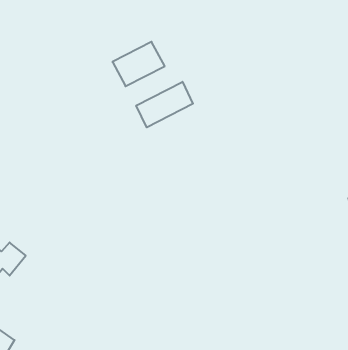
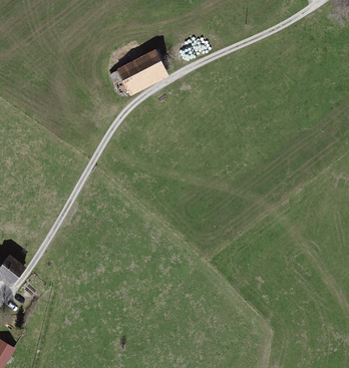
building: [136,82,193,127] -> none

